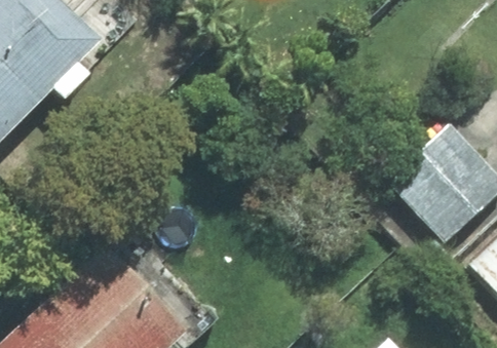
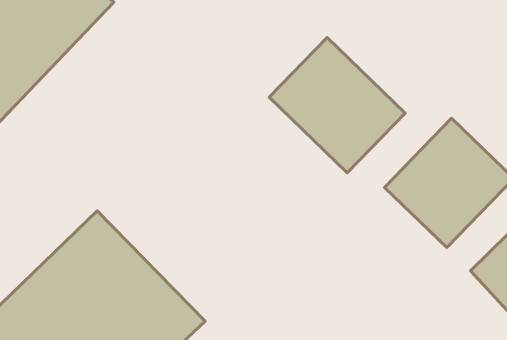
building: none -> [269,37,405,173]

